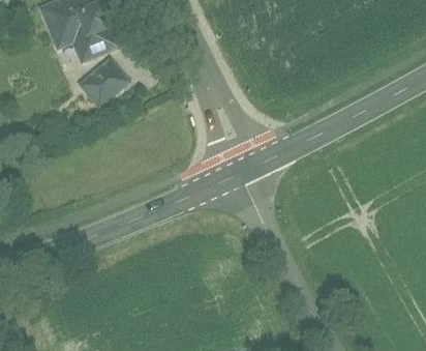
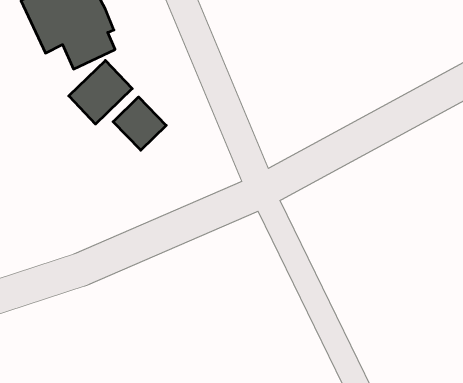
building: none -> [113,97,166,150]

